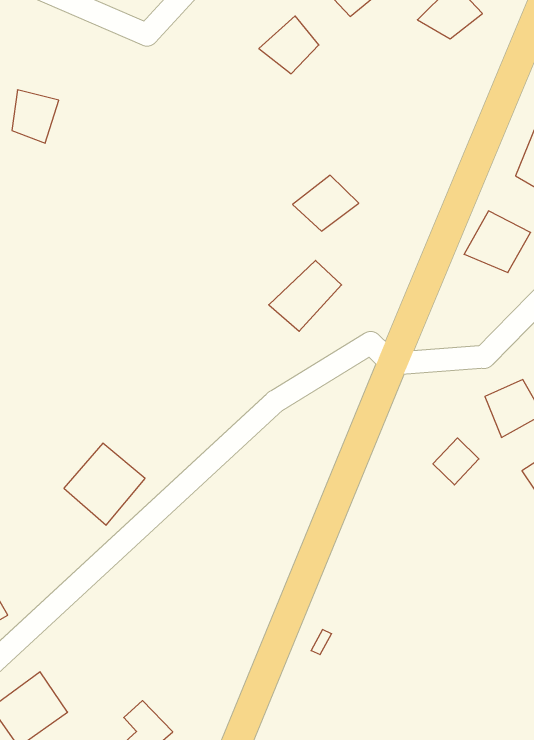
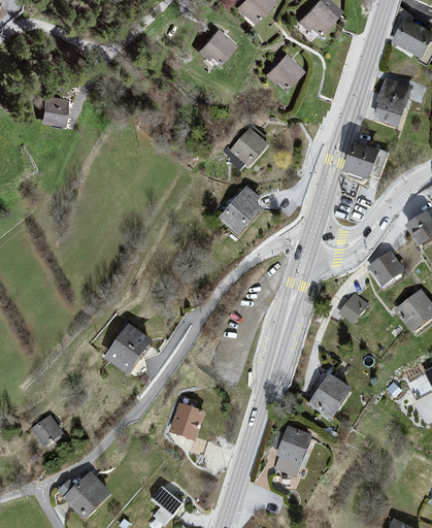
building: none -> [262,51,304,88]
building: none -> [310,374,353,419]
building: none -> [167,394,205,438]
building: none -> [272,425,310,476]

